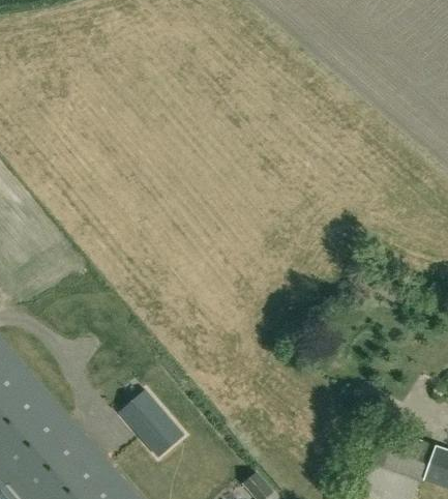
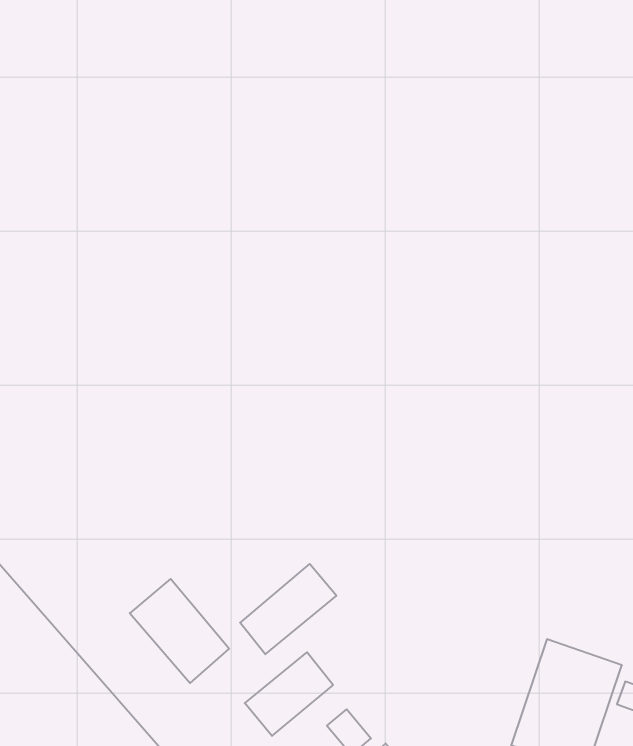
building: none -> [240,564,336,654]
building: none -> [245,652,333,736]

